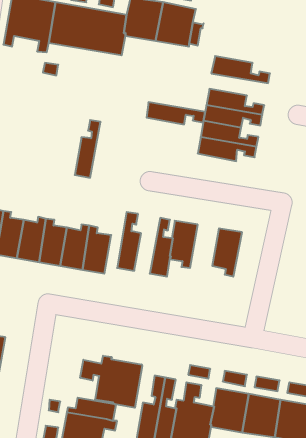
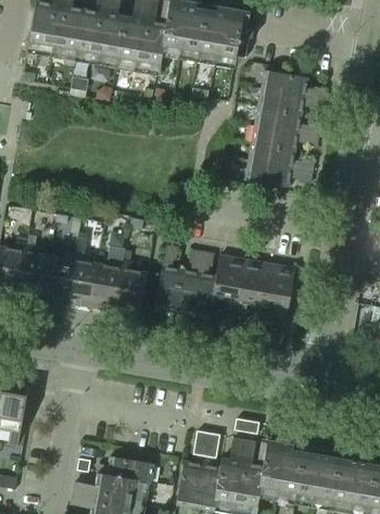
building: [147,102,205,124] -> [258,89,325,114]
building: [75,120,101,178] -> [174,250,203,315]
building: none -> [237,260,269,311]
building: [80,356,142,408] -> none

